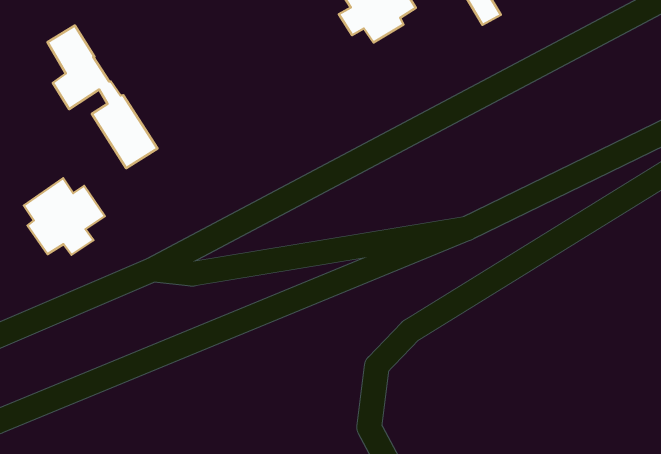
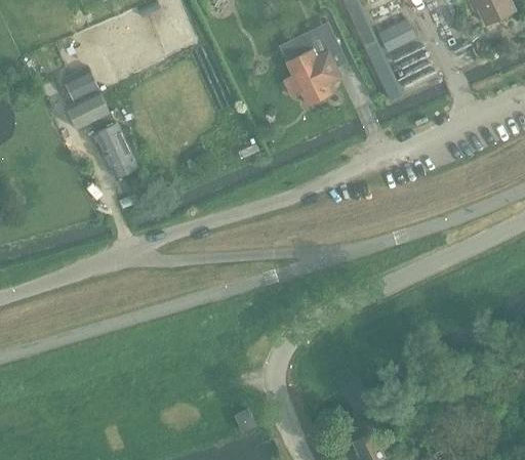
building: [24,178,105,255] -> none

